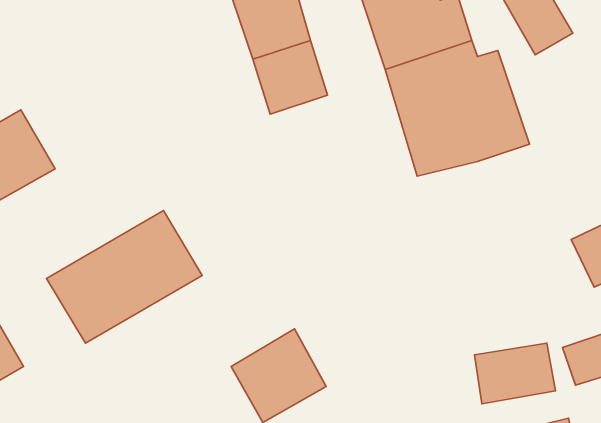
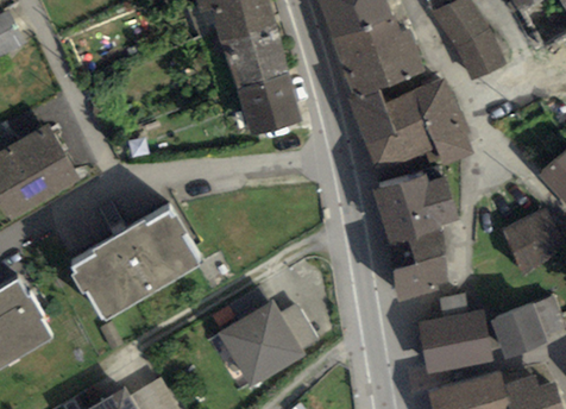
building: none -> [375,166,455,292]

